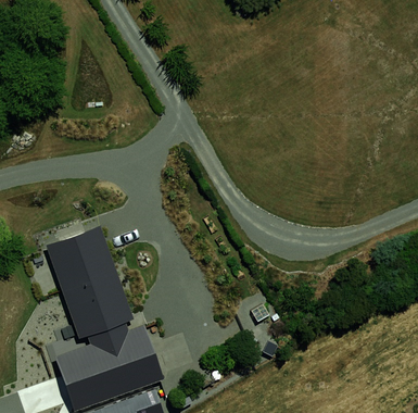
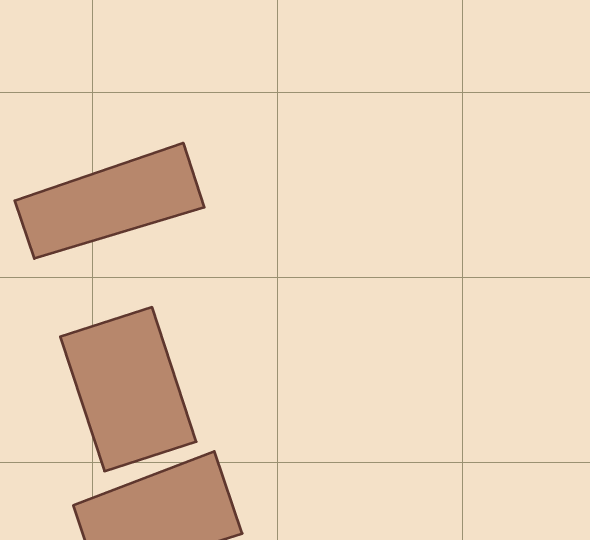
building: none -> [15,143,204,259]

